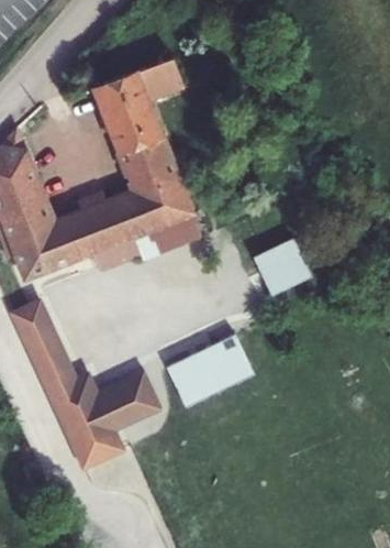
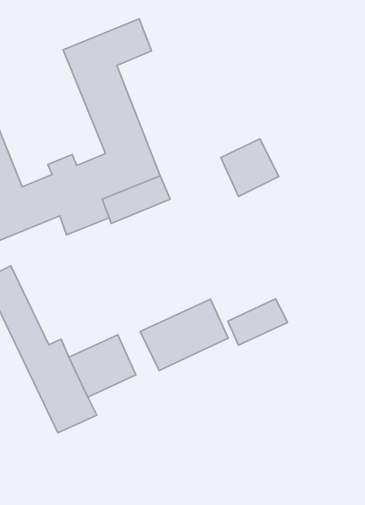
building: [250,240,308,297] -> [221,139,279,197]
building: none -> [228,299,287,345]

